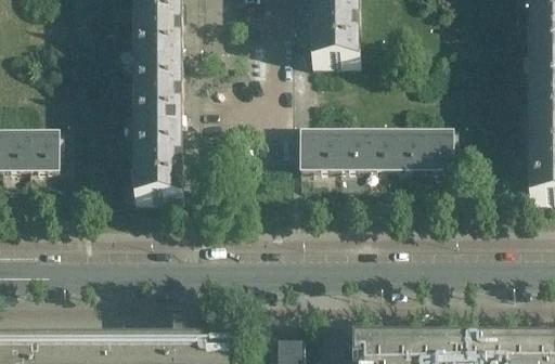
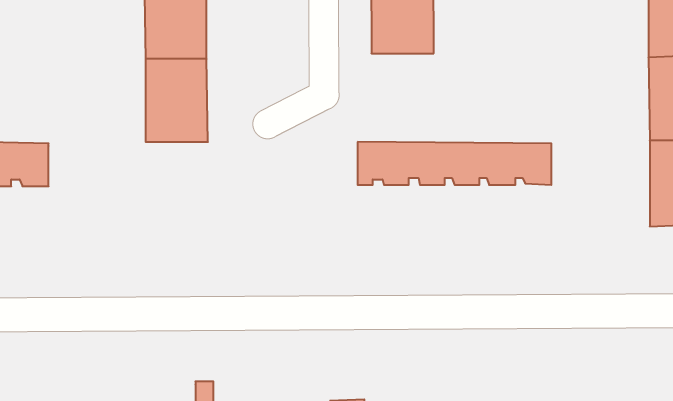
building: [133,135,182,203] -> none

